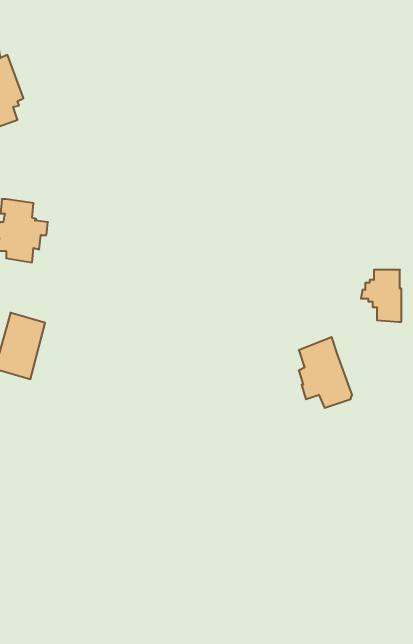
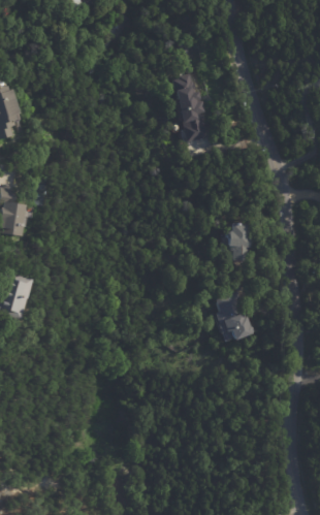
building: none -> [170,72,209,140]
building: [361,270,401,322] -> [222,223,251,260]

